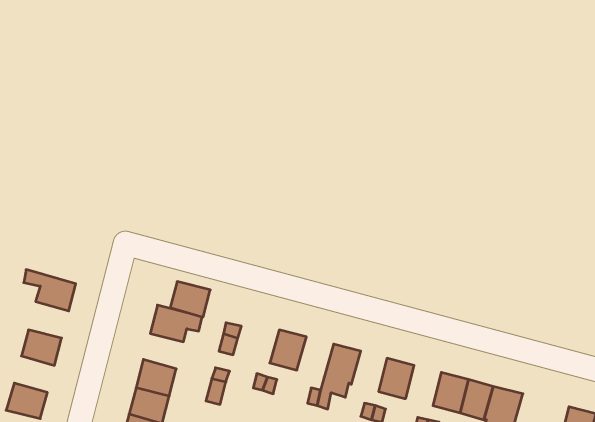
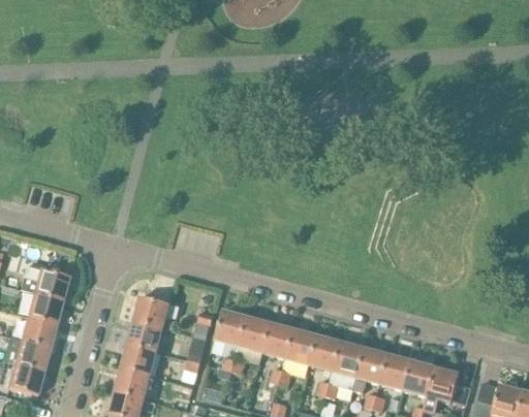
building: [170,282,210,317] -> [127,320,162,351]
building: none -> [27,292,62,324]
building: none -> [215,310,246,346]
building: none -> [261,323,293,358]
building: none -> [309,335,340,371]
building: none -> [14,340,50,372]
building: none -> [352,348,387,391]

